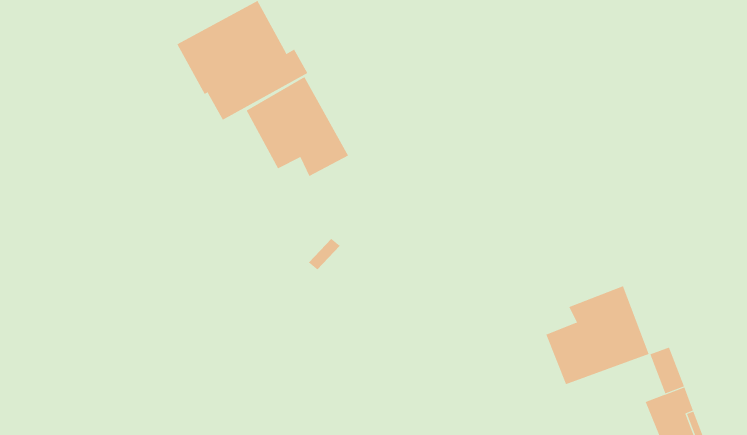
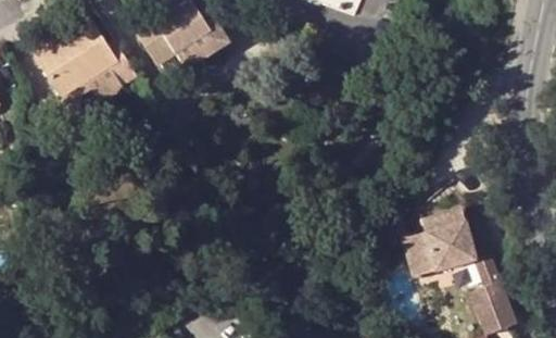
building: none -> [38,34,140,112]
building: [246,76,349,177] -> none

